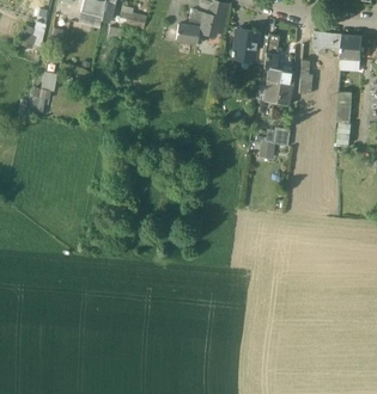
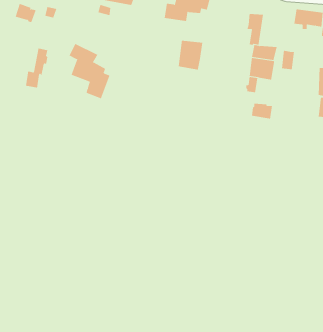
building: [232,29,259,60] -> [178,40,203,70]
building: none -> [69,43,110,99]

